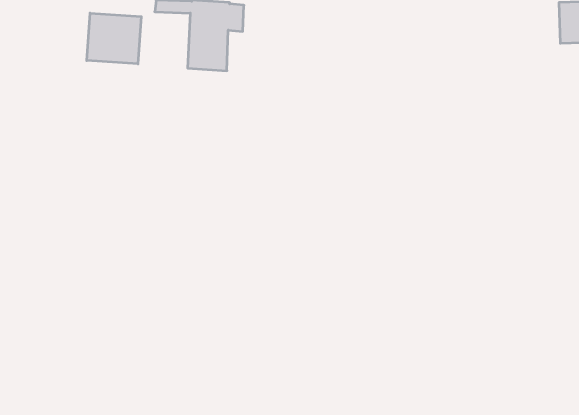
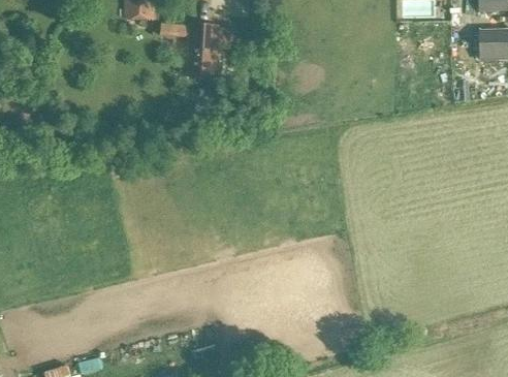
building: [87,13,141,64] -> none

